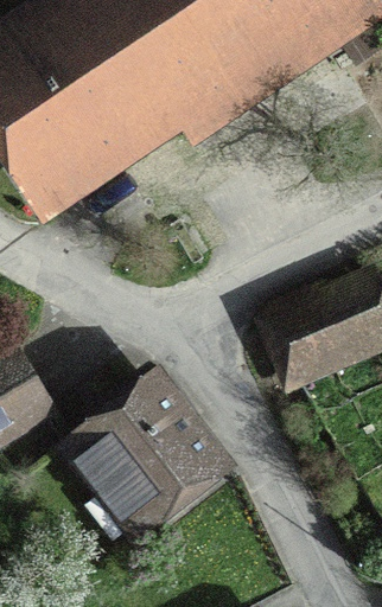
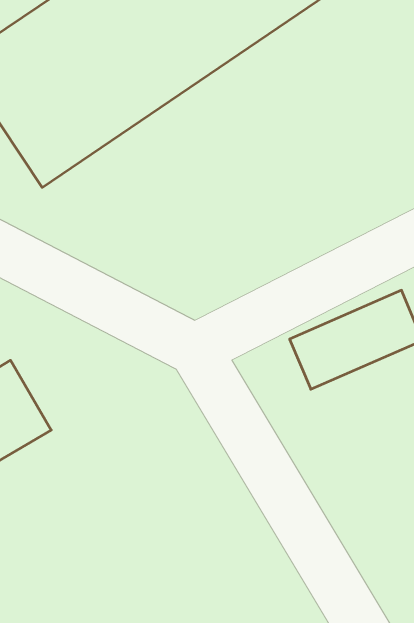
building: [69,391,217,529] -> none

